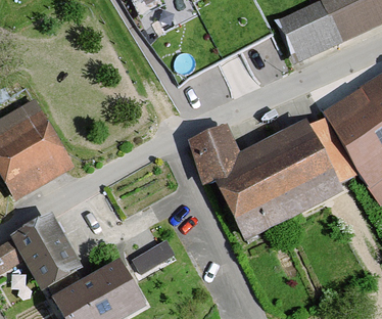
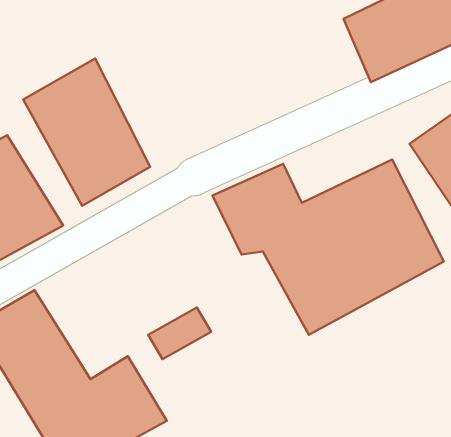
building: none -> [23,58,150,206]

